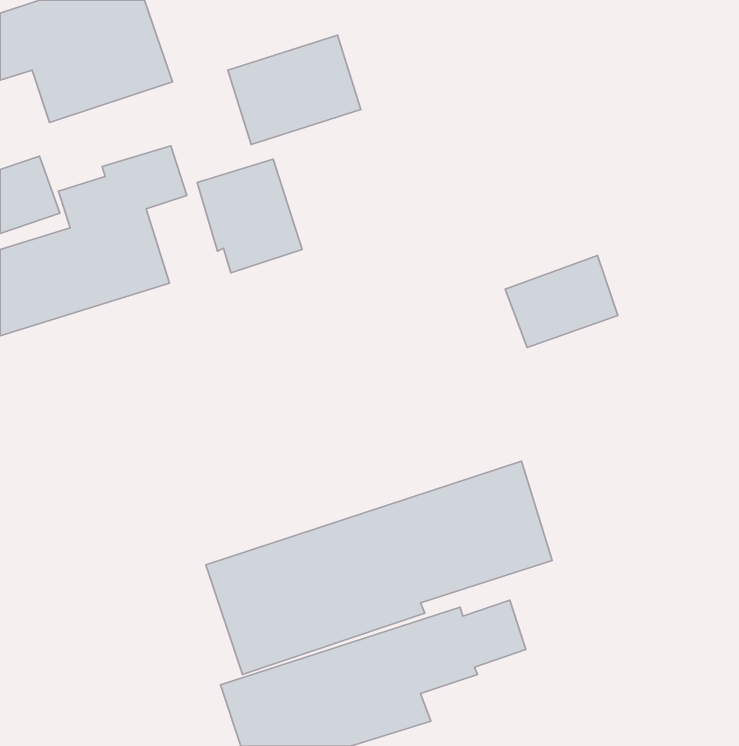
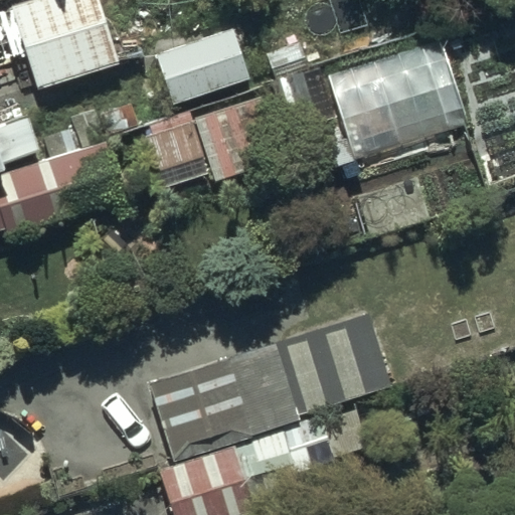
building: none -> [268,38,468,168]

